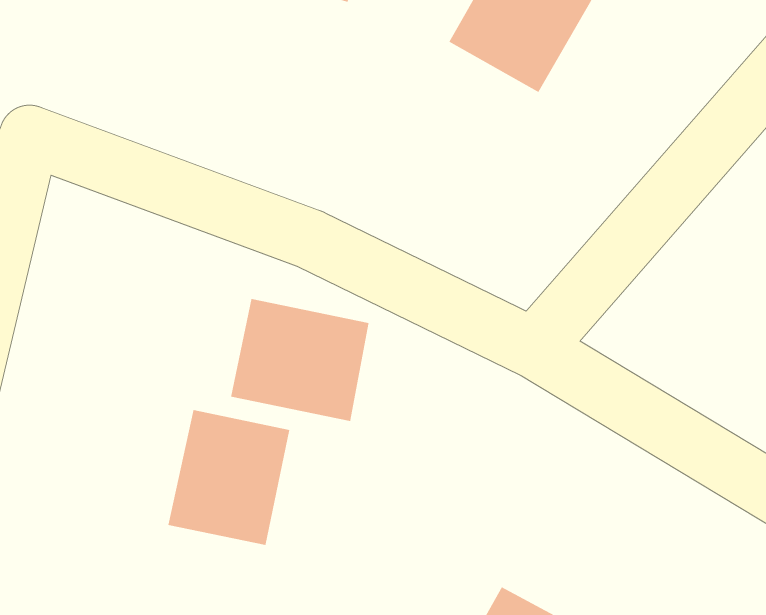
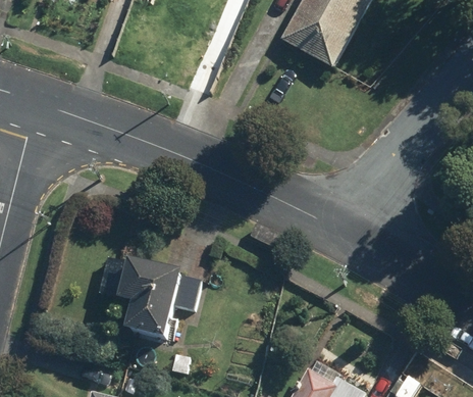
building: [230,298,369,422] -> none

